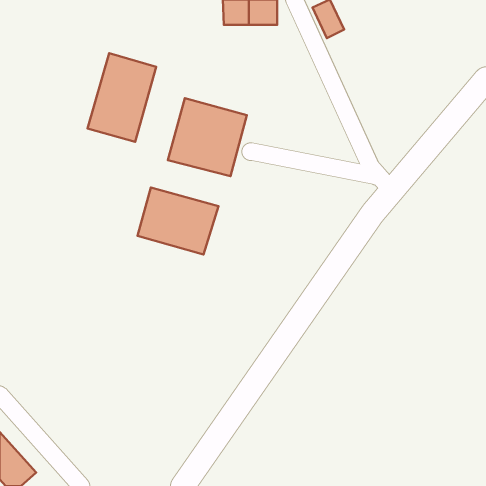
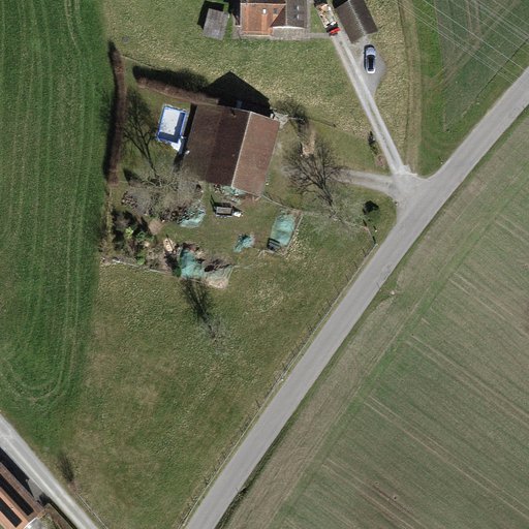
building: [87,53,156,142] -> none
building: [137,188,218,255] -> none

